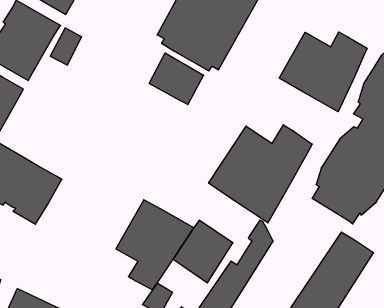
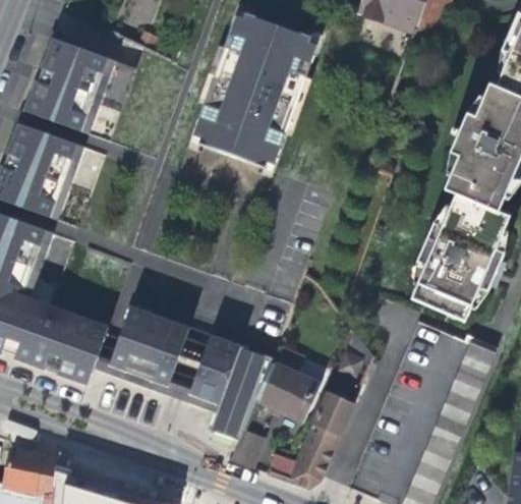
building: [279,32,367,112] -> none
building: [149,53,204,105] -> none
building: [209,125,312,223] -> none
building: none -> [108,305,190,392]

